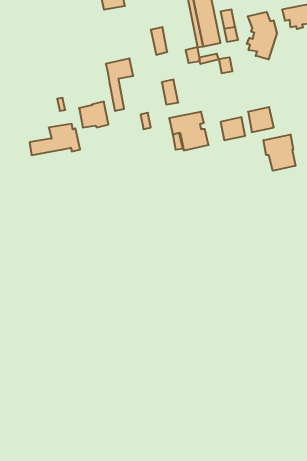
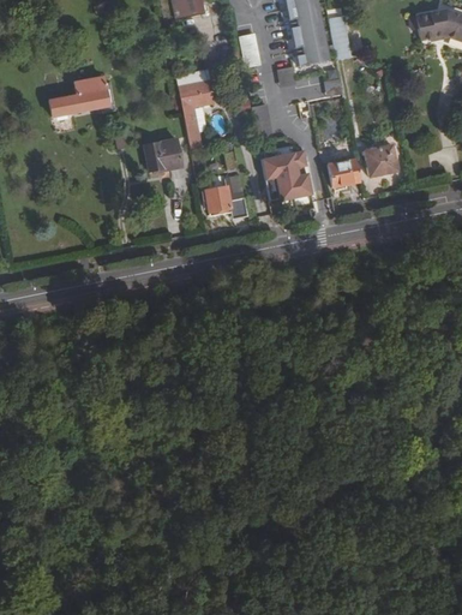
building: [247,12,277,59] -> none
building: [30,124,80,155] -> [48,74,114,115]
building: [264,134,295,171] -> none
building: none -> [204,185,247,219]

